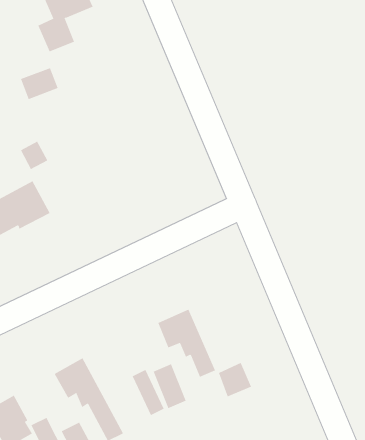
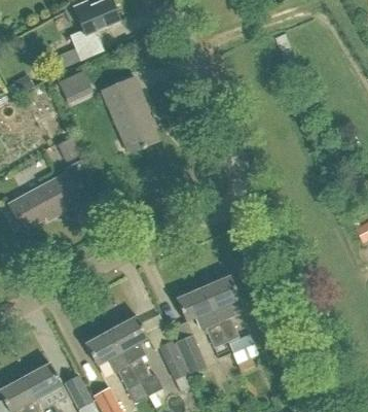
building: none -> [103,76,158,152]
building: none -> [205,275,241,340]
building: none -> [111,315,160,396]

